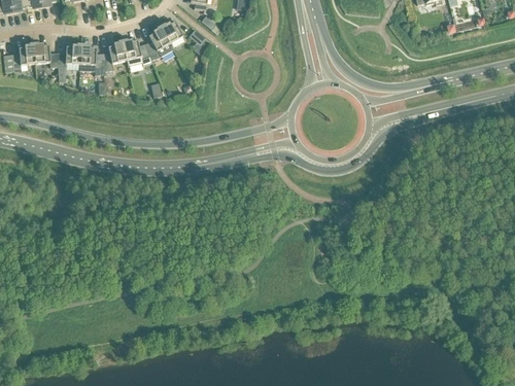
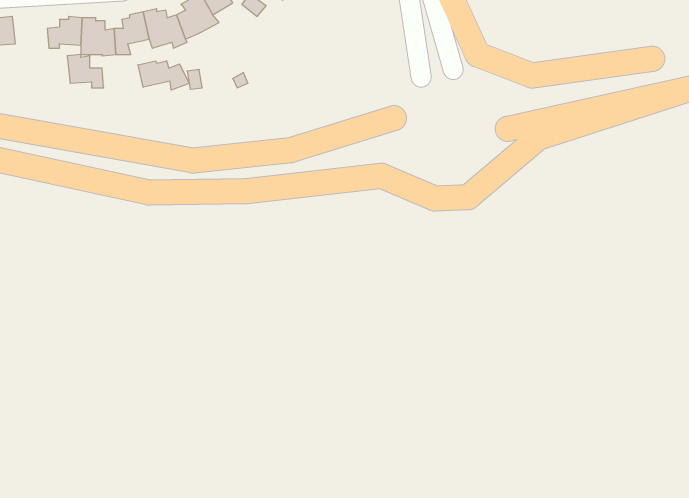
building: [33,43,58,66] -> [67,54,104,88]
building: none -> [138,61,189,90]

